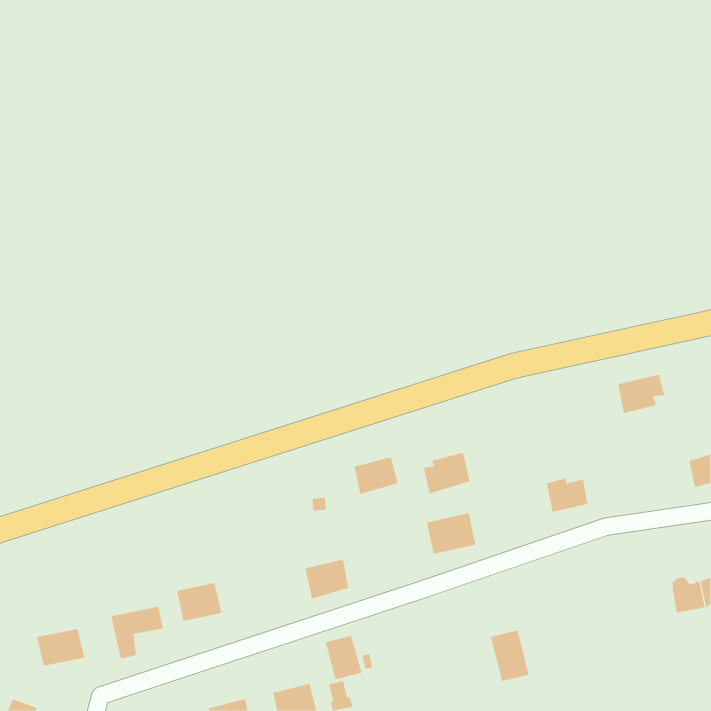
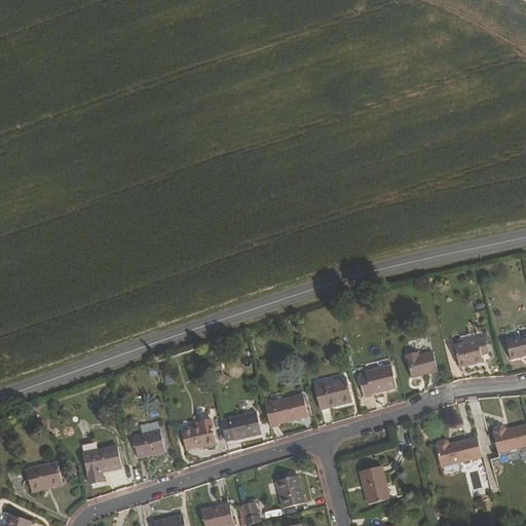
building: [618,374,665,413] -> [453,339,488,368]
building: [423,452,471,494] -> [359,364,393,394]
building: [354,457,399,495] -> [273,394,306,422]
building: none -> [179,416,213,447]
building: none -> [436,438,481,468]
building: [325,635,363,680] -> [276,474,304,506]

